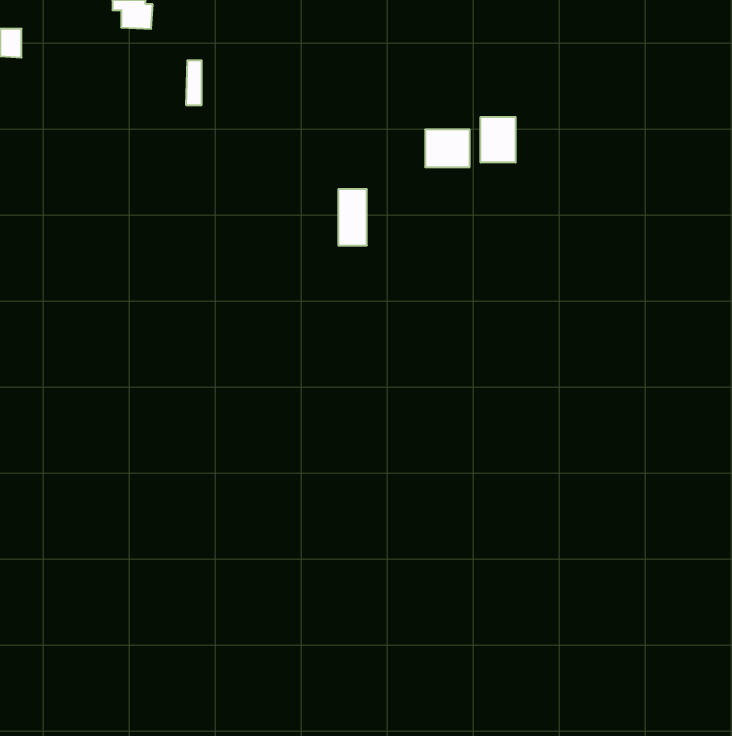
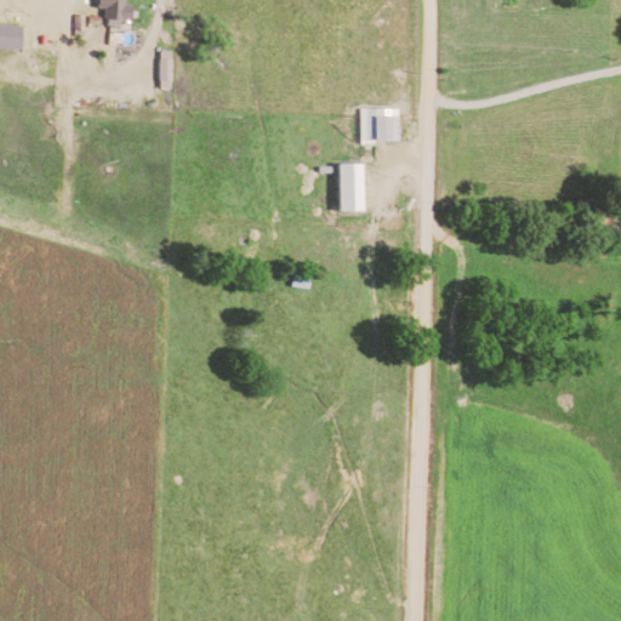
building: [481,117,516,163] -> none
building: [338,189,367,245] -> [338,165,363,212]

